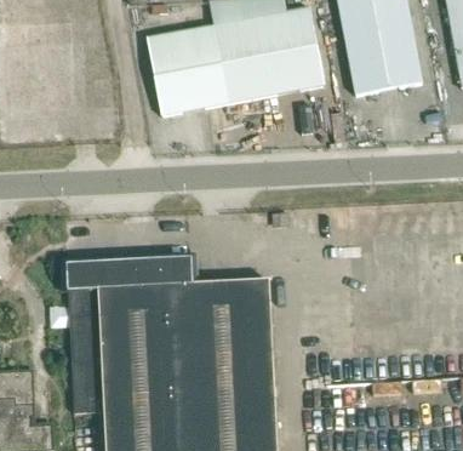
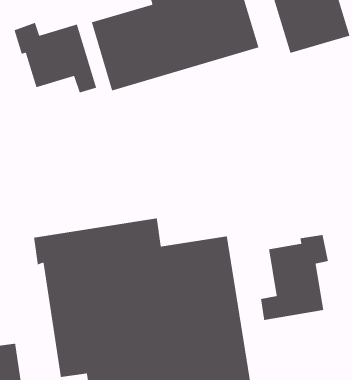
building: none -> [14,22,97,93]
building: none -> [260,234,329,321]

